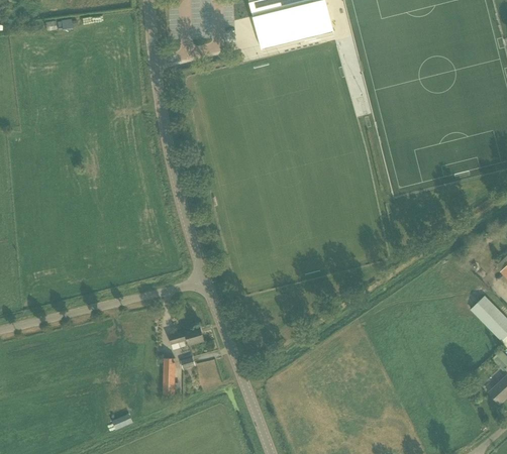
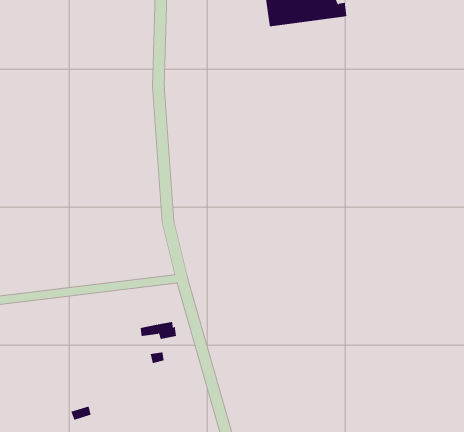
building: [158,359,175,396] -> none

